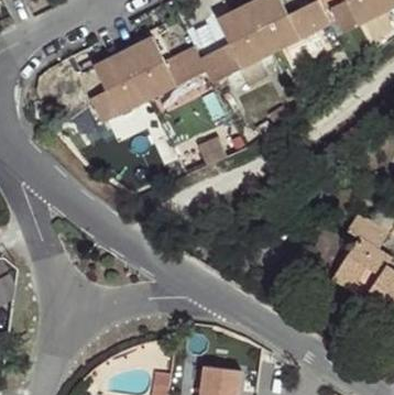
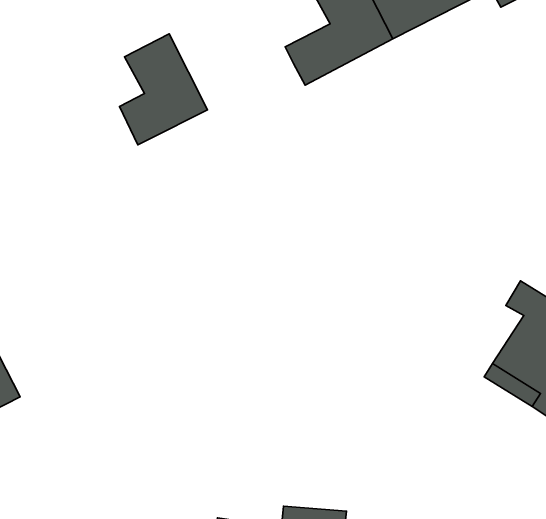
building: [123,35,206,100] -> none

